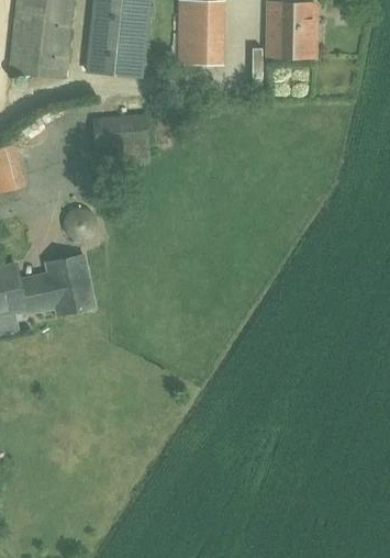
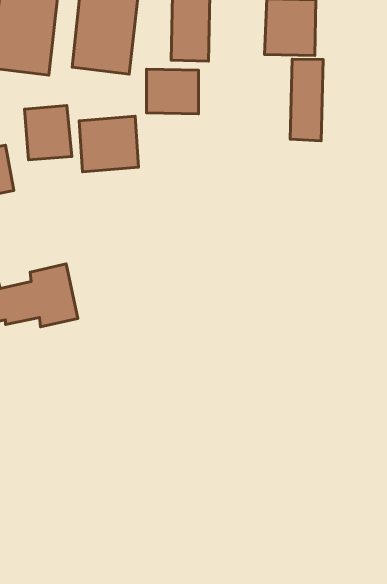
building: none -> [290,59,323,141]
building: none -> [146,69,199,114]
building: none -> [24,106,72,160]

